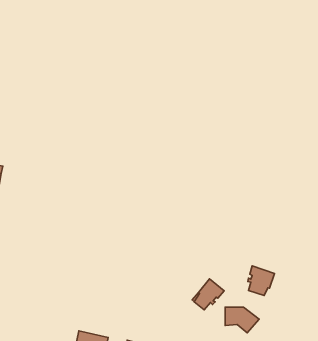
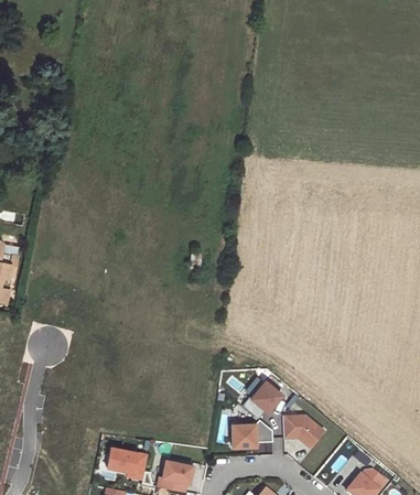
building: [248,266,275,296] -> none
building: none -> [235,422,277,451]

